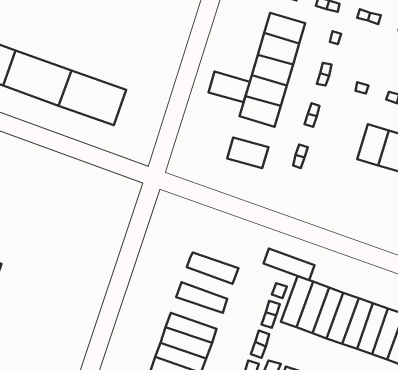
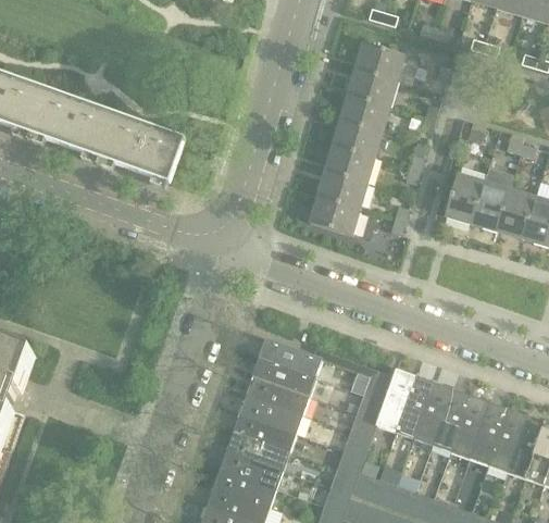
building: [208,71,250,102] -> [316,170,367,208]
building: none -> [445,172,483,223]
building: [264,248,315,280] -> [252,357,315,396]
building: none -> [239,394,303,433]

